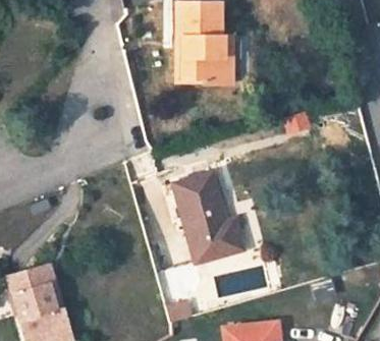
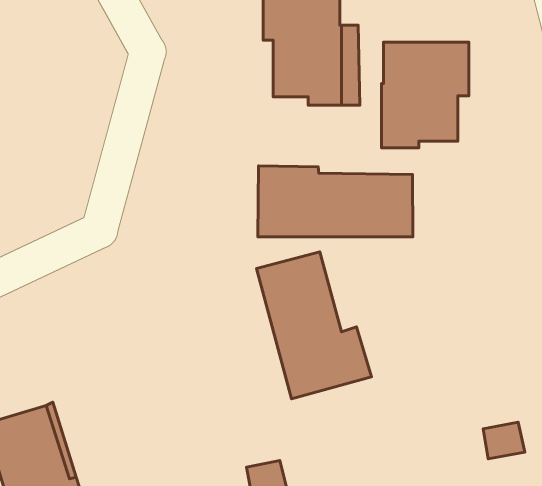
building: none -> [382,42,469,148]
building: none -> [258,166,413,237]

